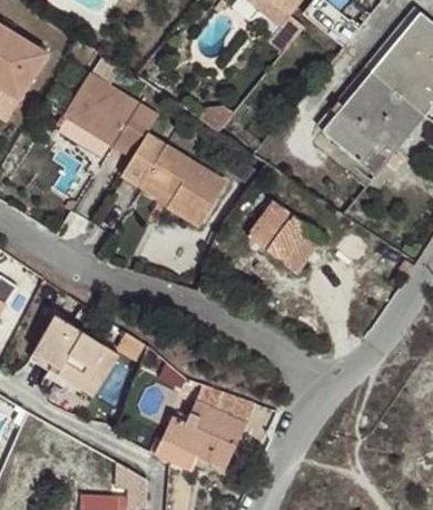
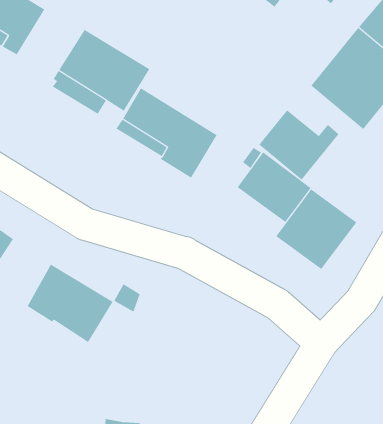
building: none -> [258,109,339,181]
building: none -> [275,189,357,270]
building: [161,377,255,470] -> none

